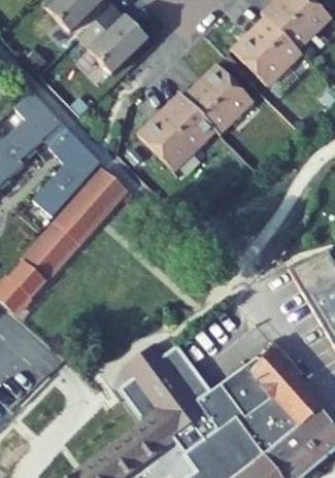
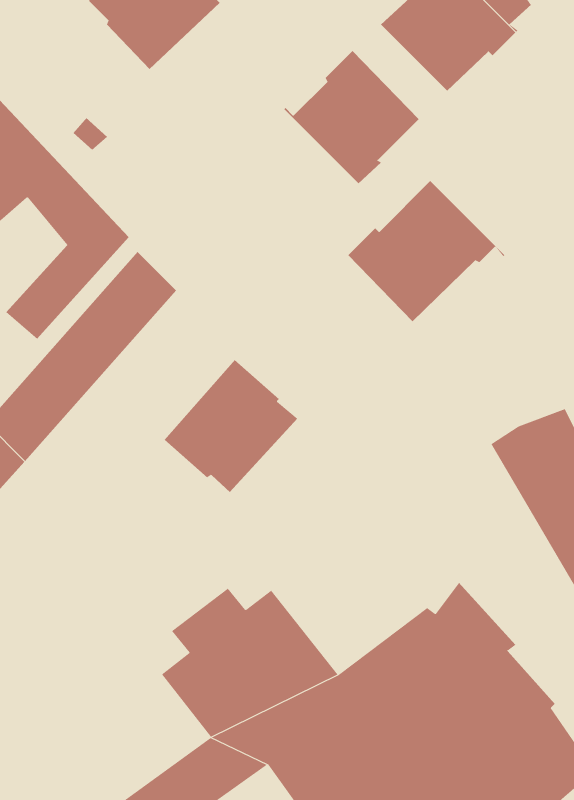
building: [137,95,220,169] -> [347,180,505,322]
building: none -> [164,359,298,493]

